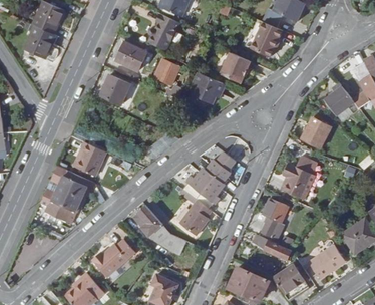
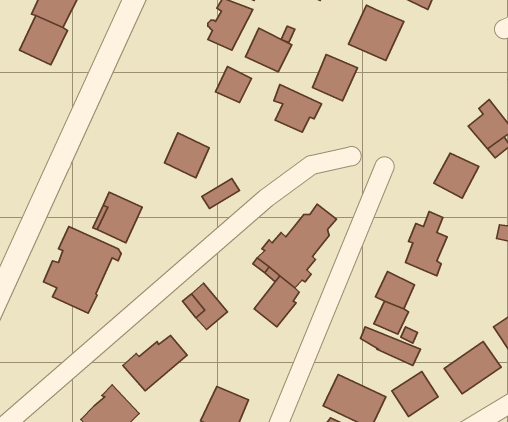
building: [115,40,146,69] -> [245,28,292,72]
building: [99,74,129,104] -> [164,133,209,178]
building: [148,224,186,254] -> none

